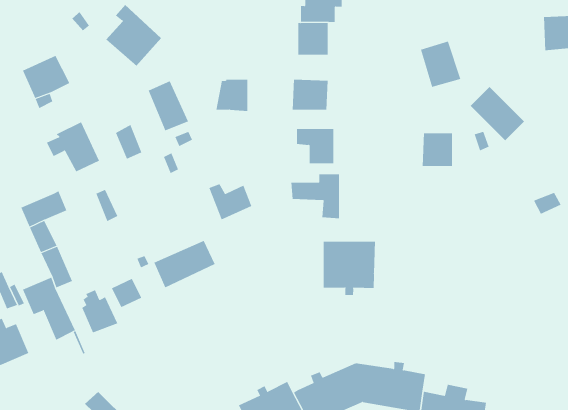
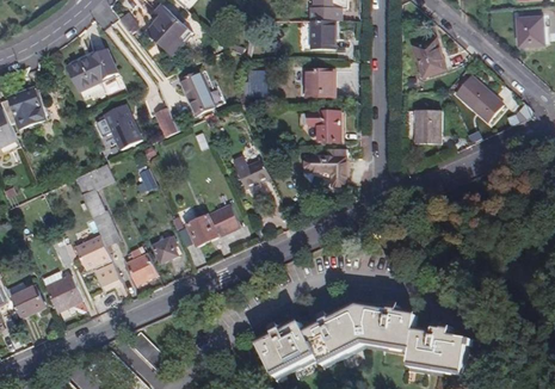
building: [323,241,375,296] -> none

